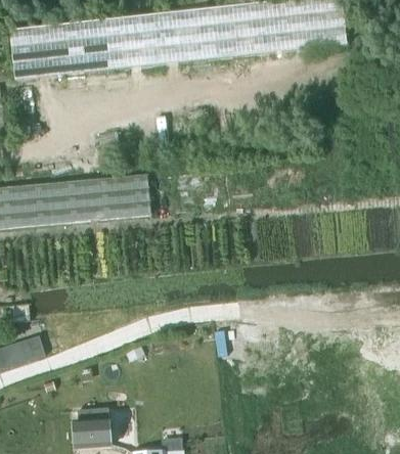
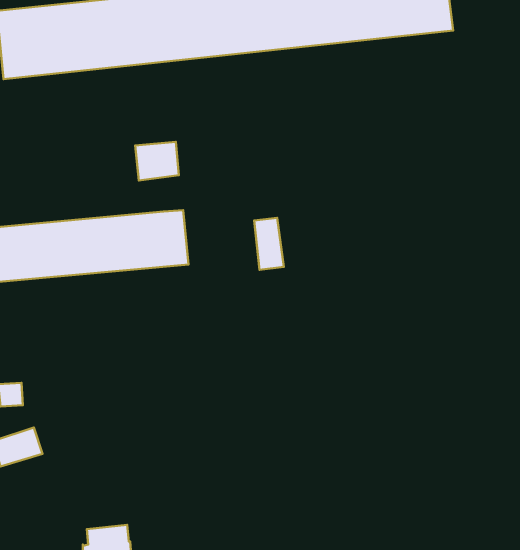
building: none -> [135,142,179,181]
building: none -> [254,218,284,270]

